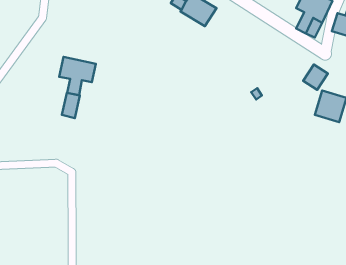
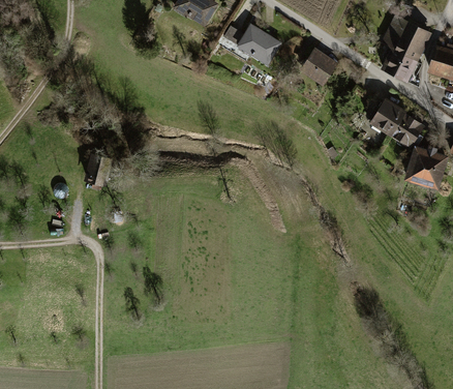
building: none -> [299,48,338,86]
building: none -> [372,101,406,134]
building: [59,57,96,95] -> none

